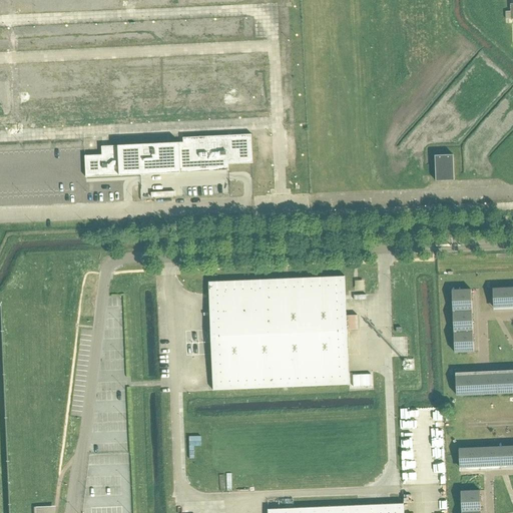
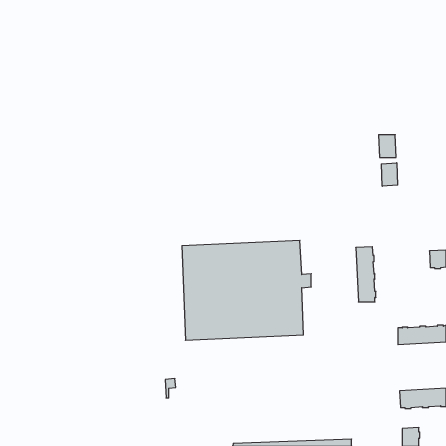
building: [84,133,251,176] -> none
building: none -> [381,163,398,186]
building: [451,289,474,352] -> [356,247,376,302]

